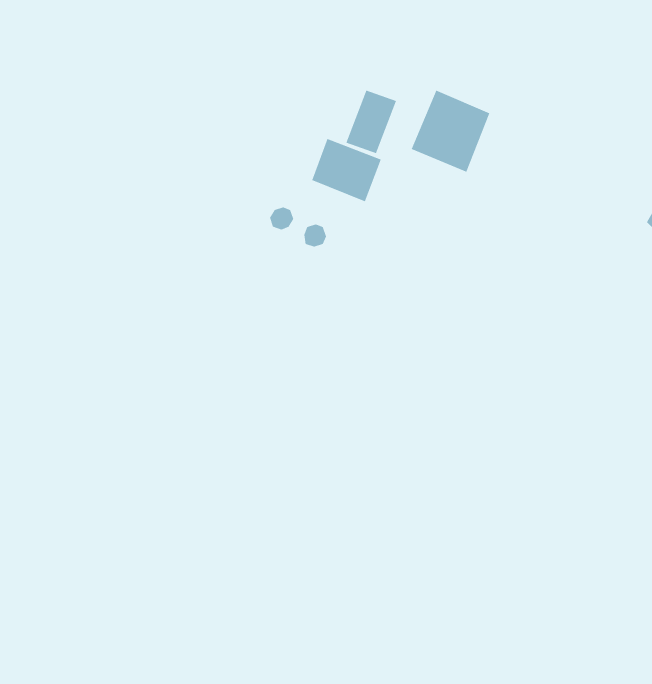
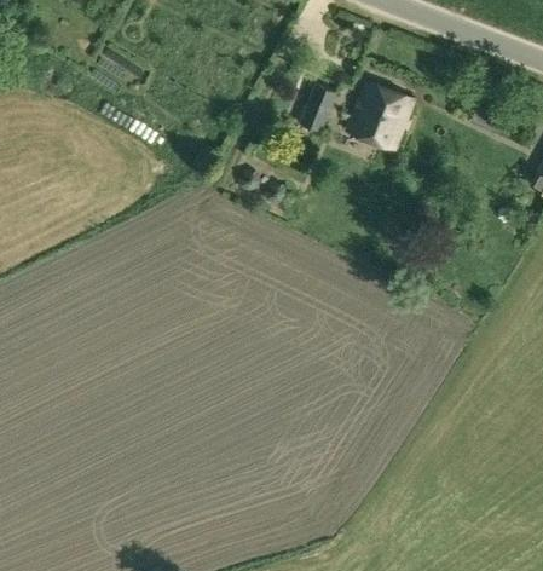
building: [311,138,382,202] -> none

